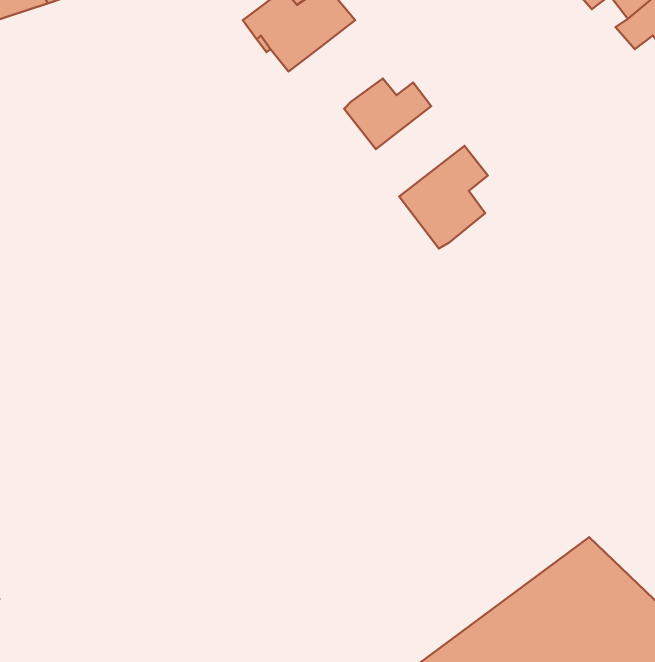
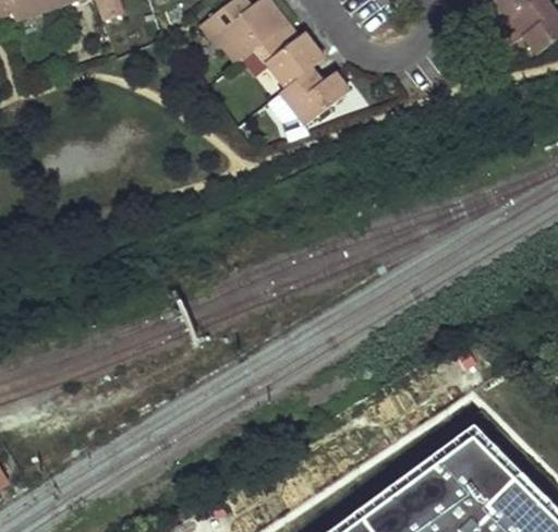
building: none -> [256,24,325,88]
building: [399,146,488,249] -> none

